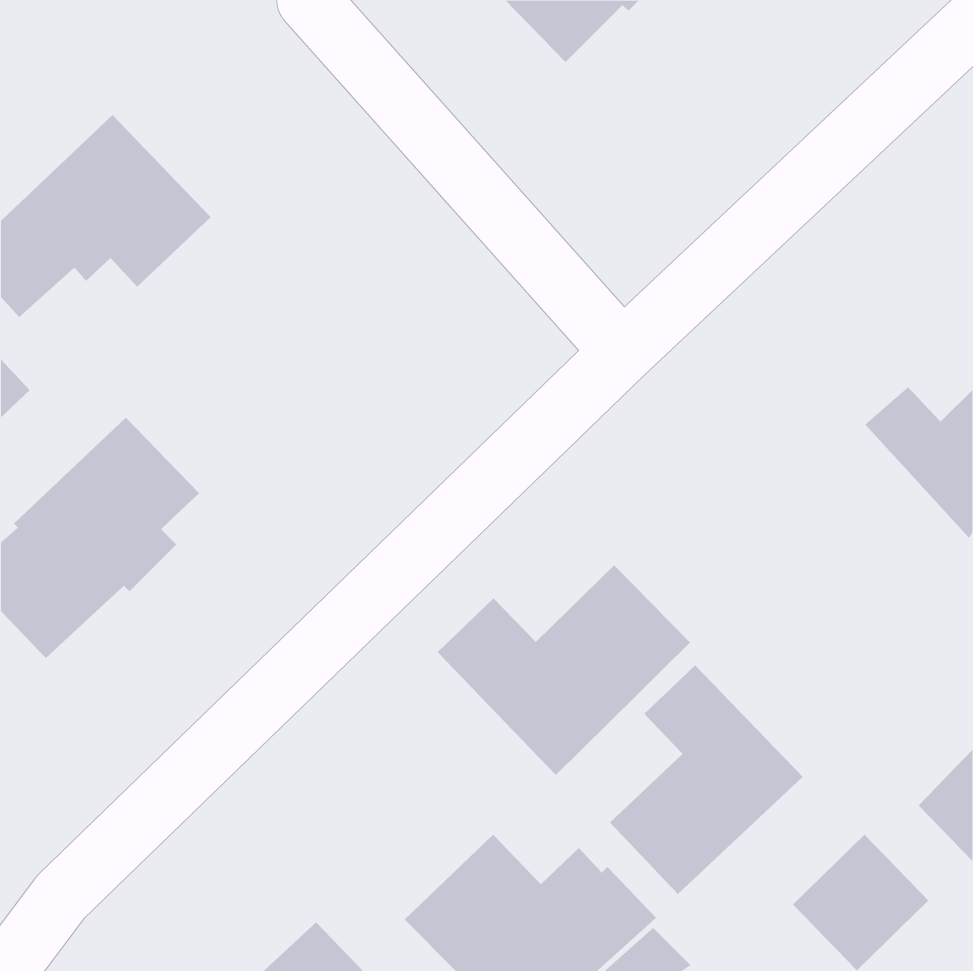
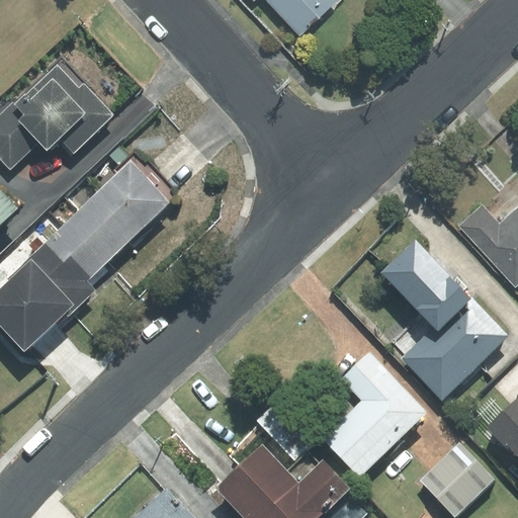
building: none -> [67,154,176,263]
building: none -> [382,242,508,400]
building: [437,564,691,776] -> none

